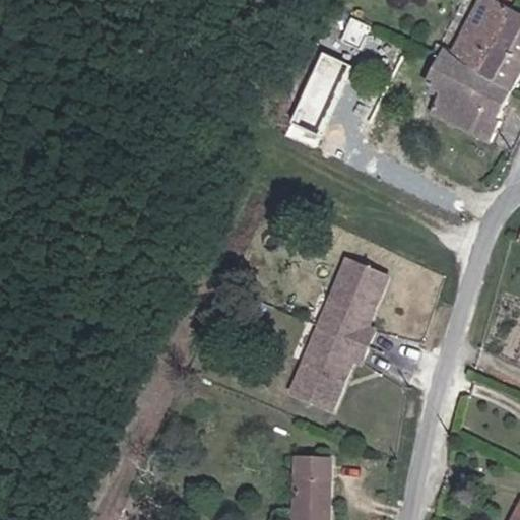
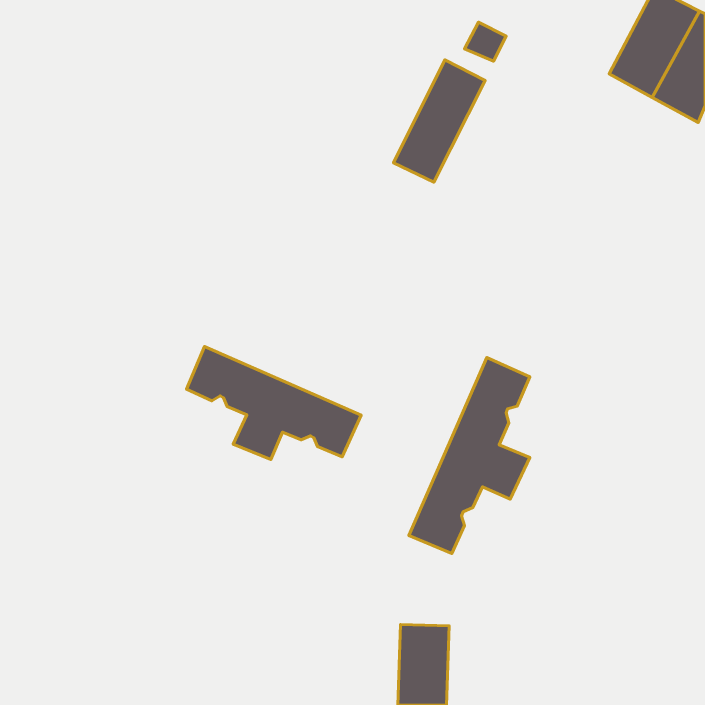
building: [424,51,510,142] -> none
building: none -> [186,347,361,460]

